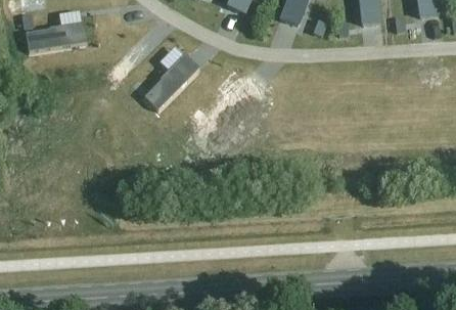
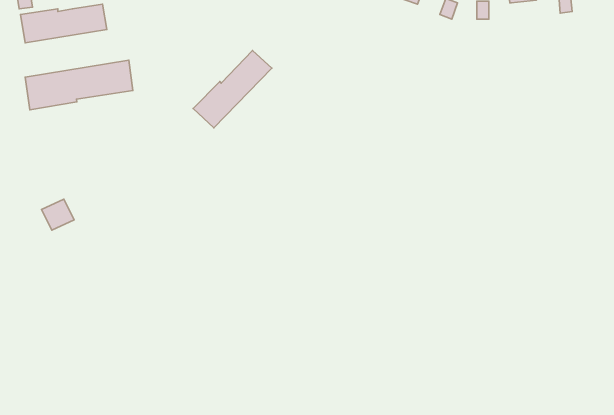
building: none -> [25,60,133,110]

